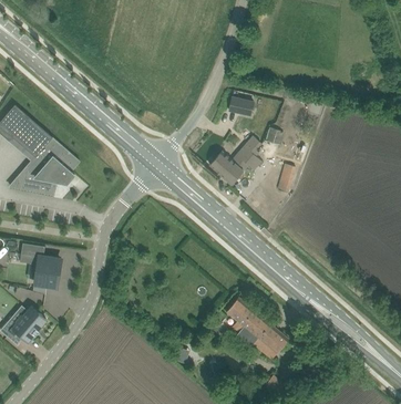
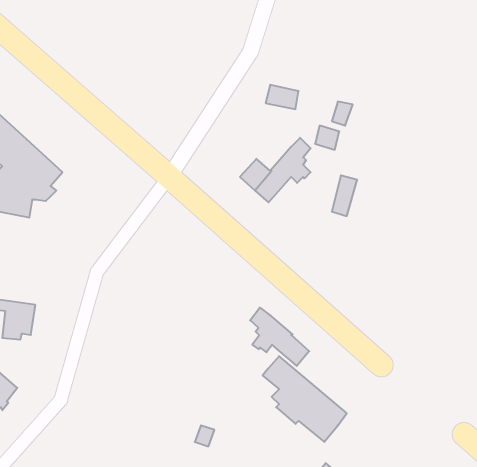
building: none -> [250,308,309,366]

